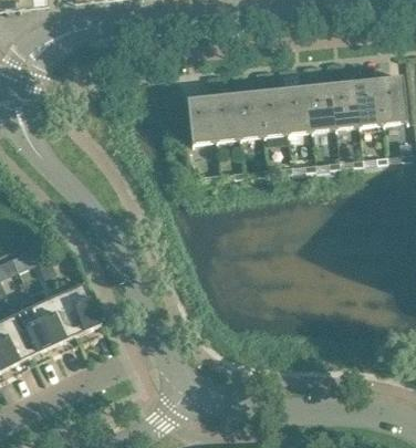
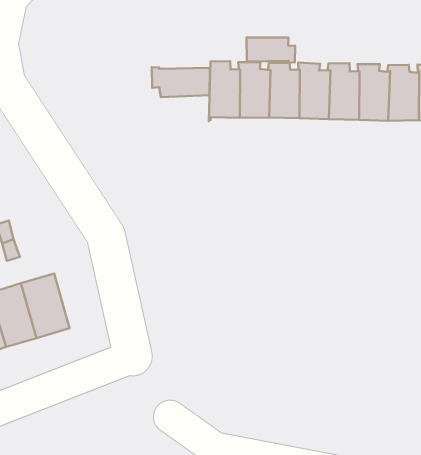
building: none -> [246,37,295,63]
building: none -> [152,67,210,97]

